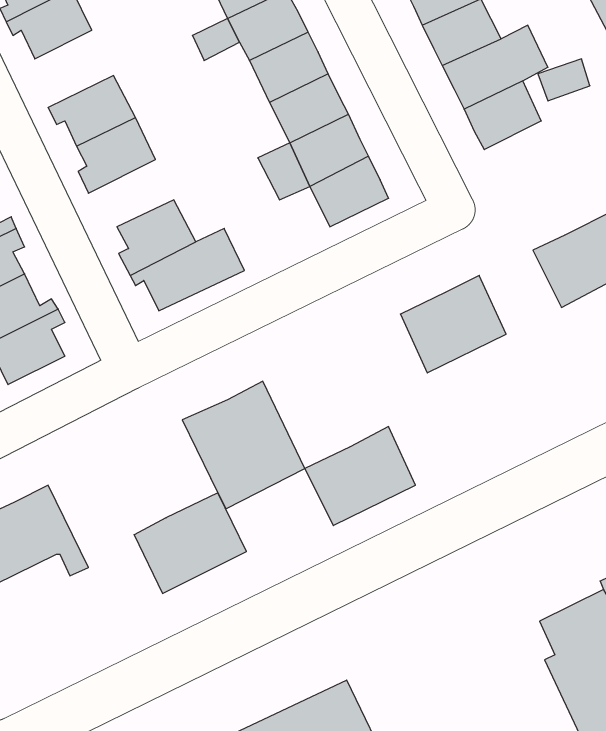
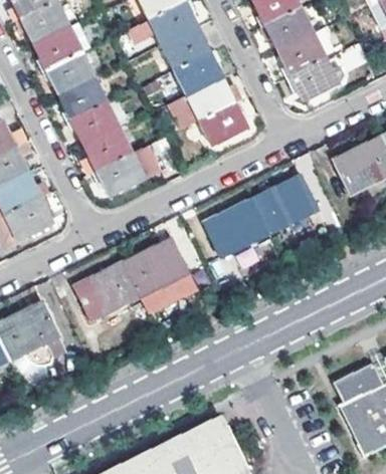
building: none -> [34,28,81,74]
building: none -> [66,105,118,146]
building: [305,427,415,526] -> [203,198,269,257]
building: [134,493,246,593] -> [72,261,140,321]

